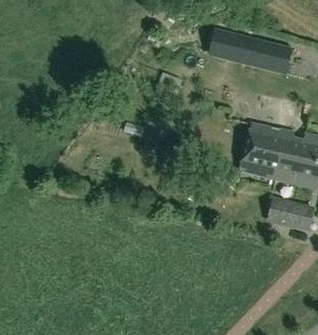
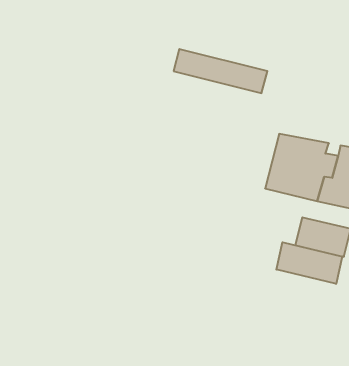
building: [208,32,290,71] -> [174,49,267,93]
building: none -> [276,242,342,284]

